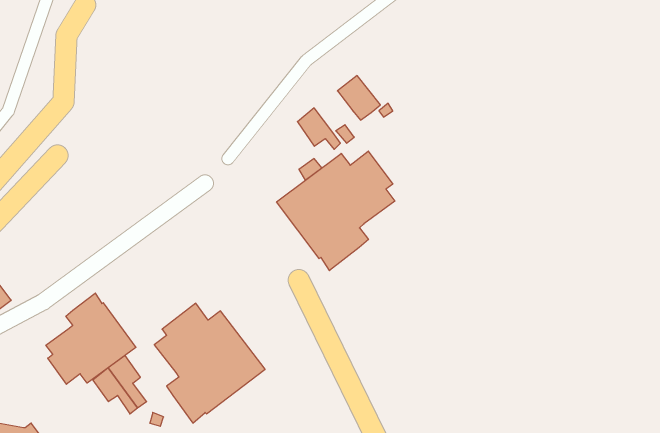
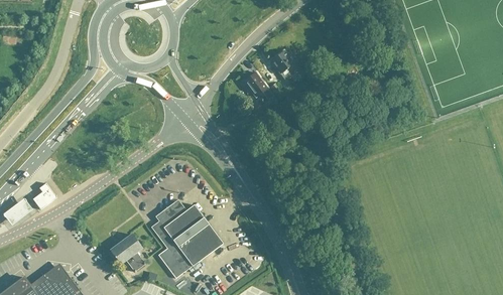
building: [277,151,395,271] -> none
building: [46,293,136,384] -> none

